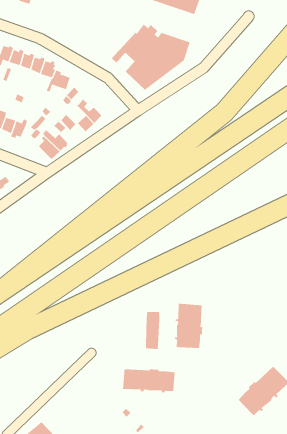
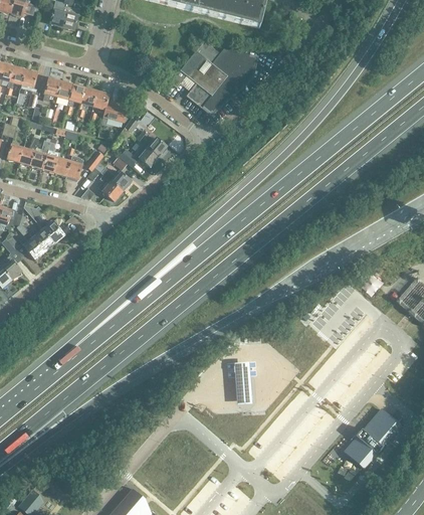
building: [175,303,203,349] -> none
building: [122,368,175,393] -> none

